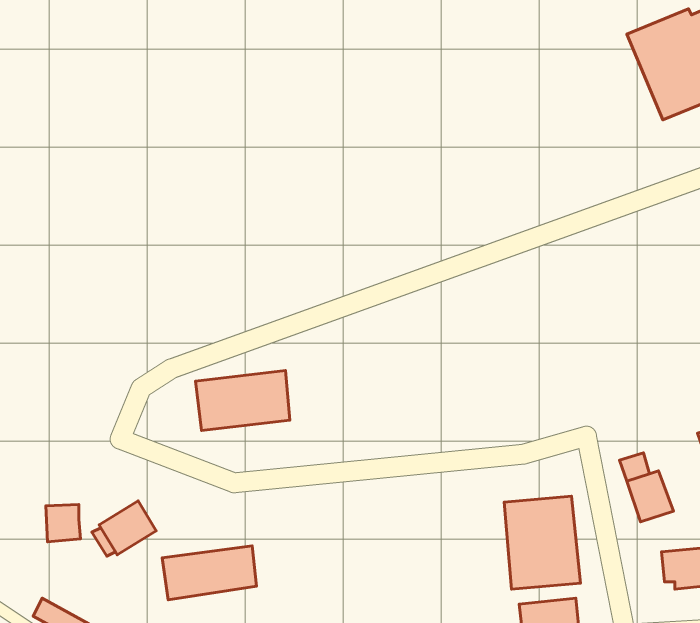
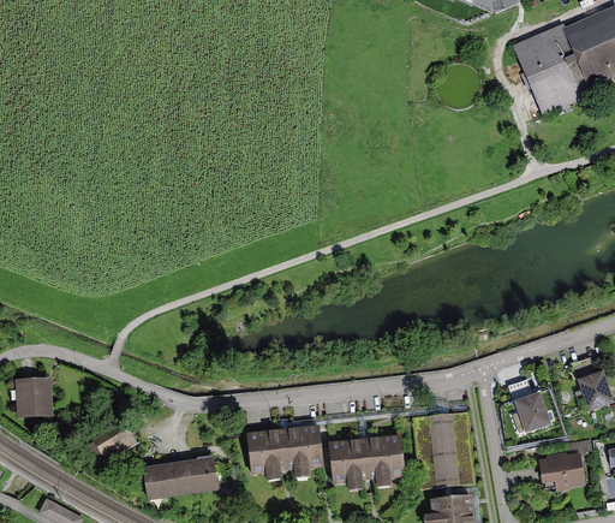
building: [195,371,290,431] -> [246,424,322,473]
building: [46,504,80,542] -> [20,384,48,414]
building: none -> [328,434,405,482]

